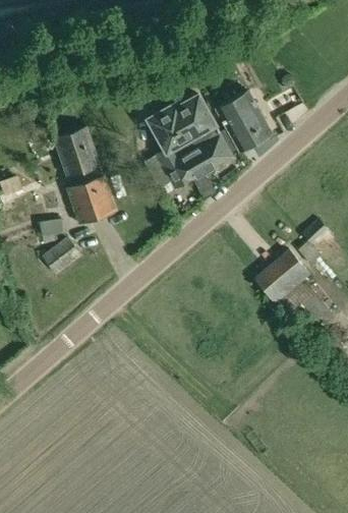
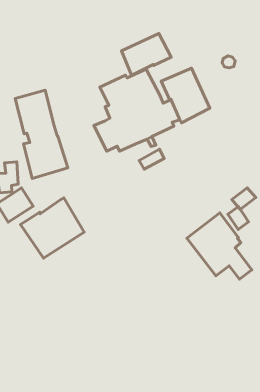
building: none -> [121,33,171,75]
building: none -> [20,198,84,258]

